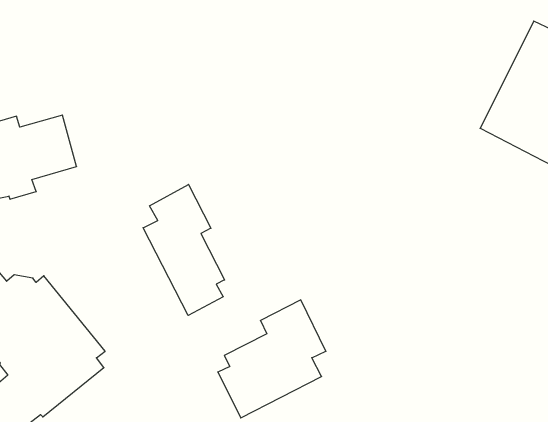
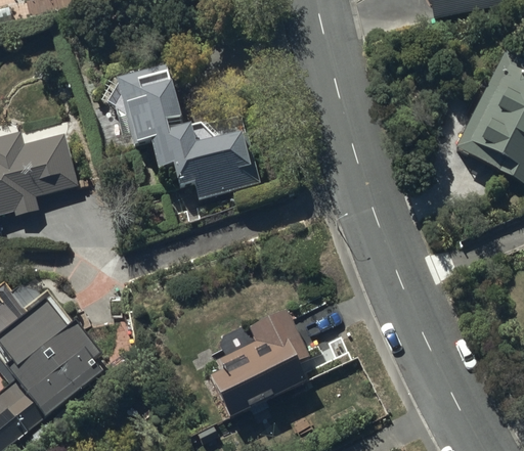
building: none -> [117,66,261,197]
building: [143,184,225,315] -> none

